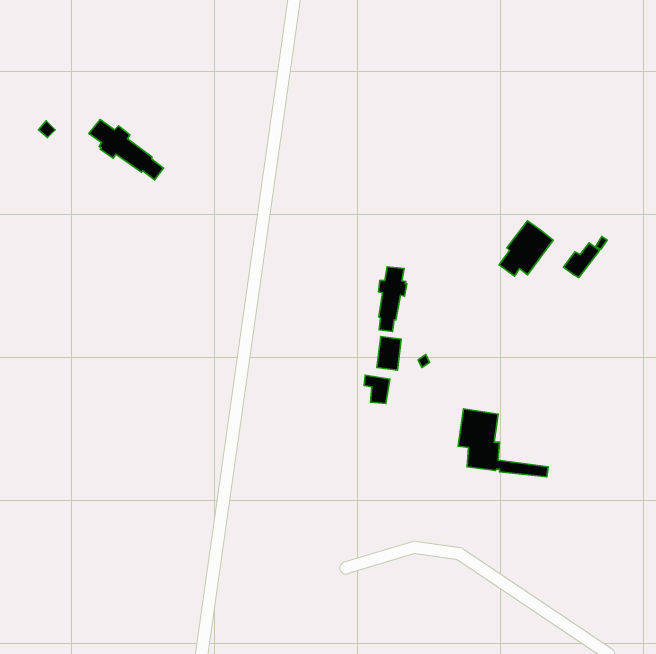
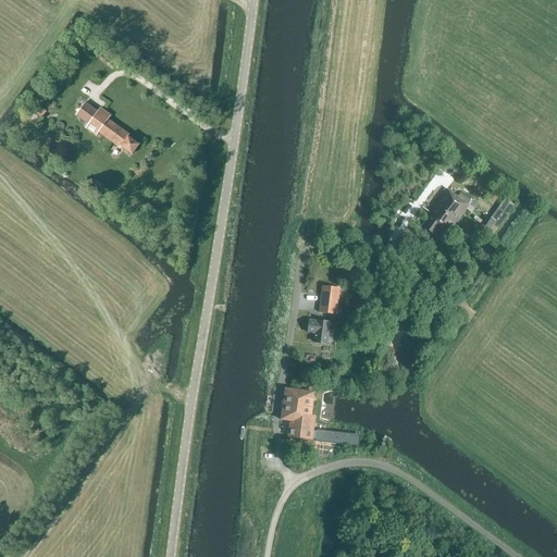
building: [378,267,407,331] -> none
building: [458,409,548,477] -> [281,386,357,444]

